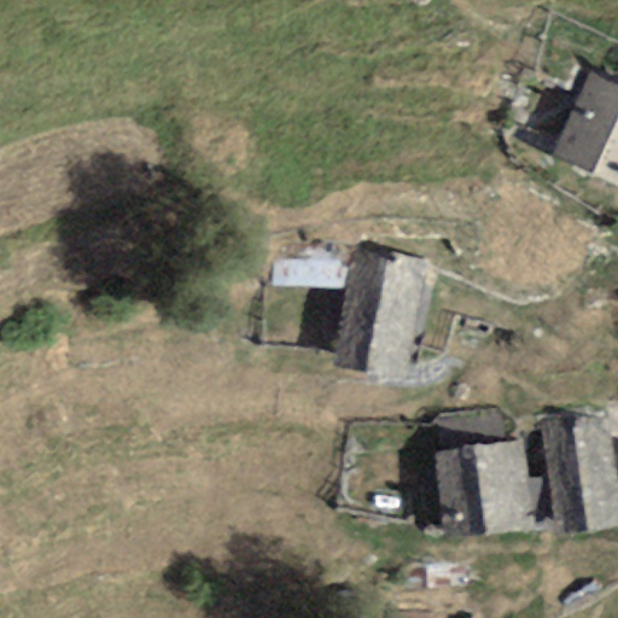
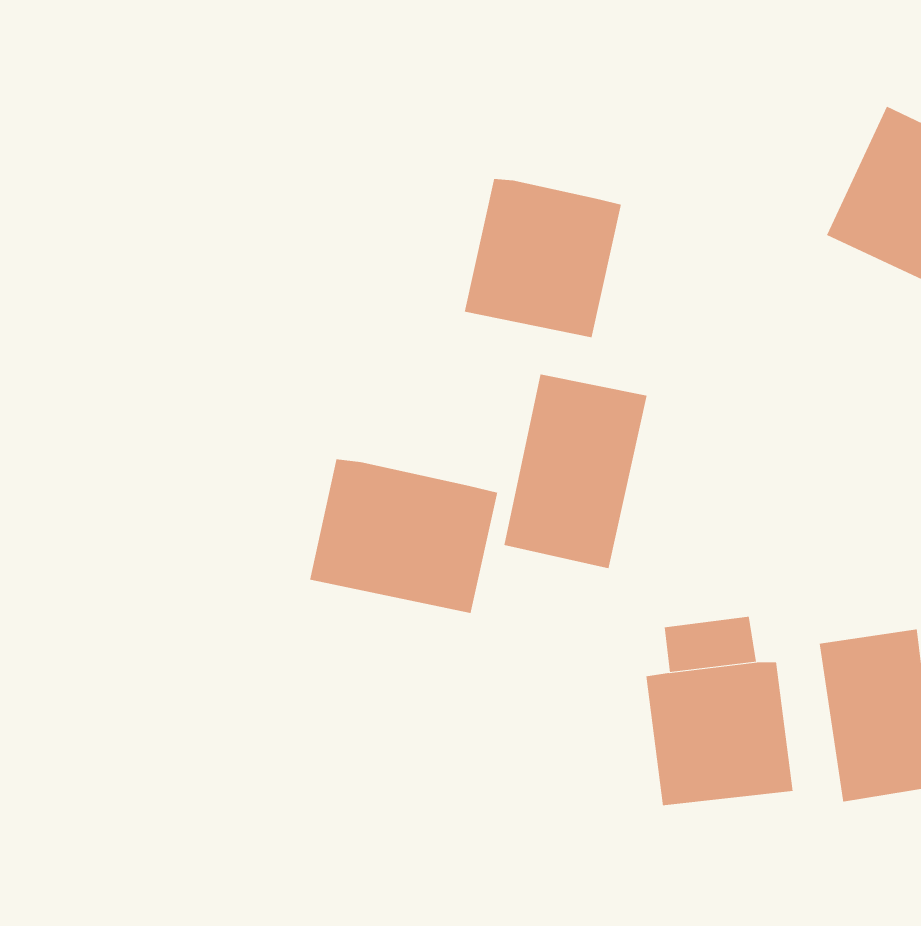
building: none -> [464,178,621,338]
building: none -> [309,459,498,614]

